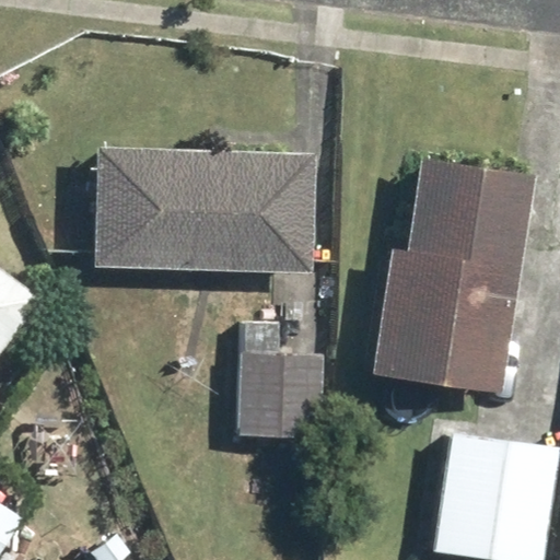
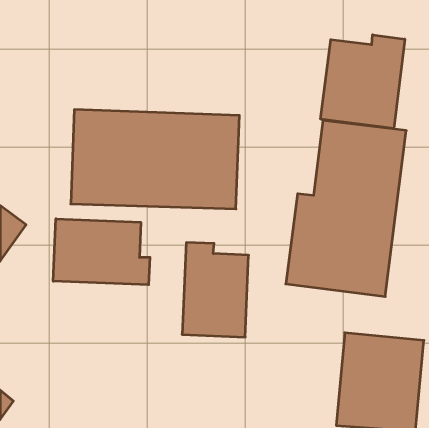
building: none -> [321,35,405,129]
building: none -> [53,219,150,285]

